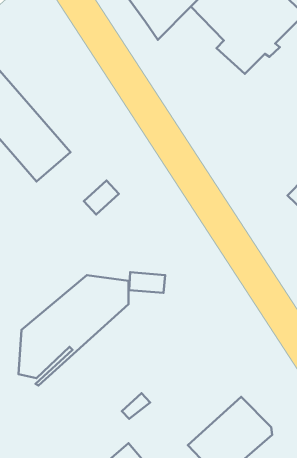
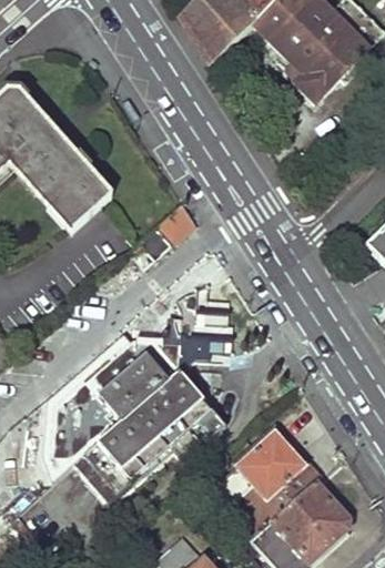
building: none -> [75,372,226,505]
building: none -> [216,427,318,537]

